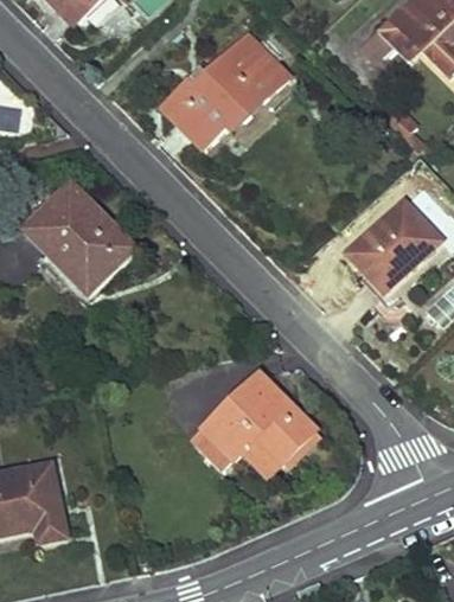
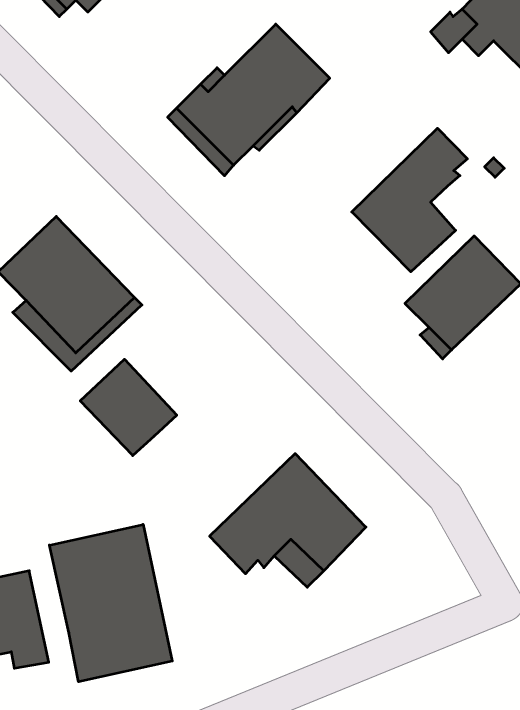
building: none -> [352,128,467,272]
building: none -> [80,359,177,456]
building: none -> [49,524,172,682]

